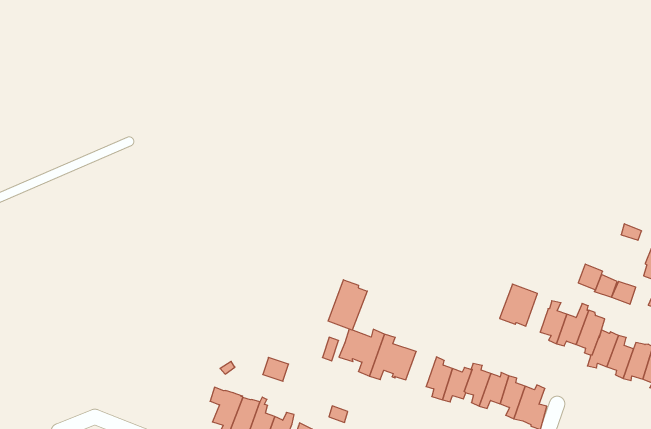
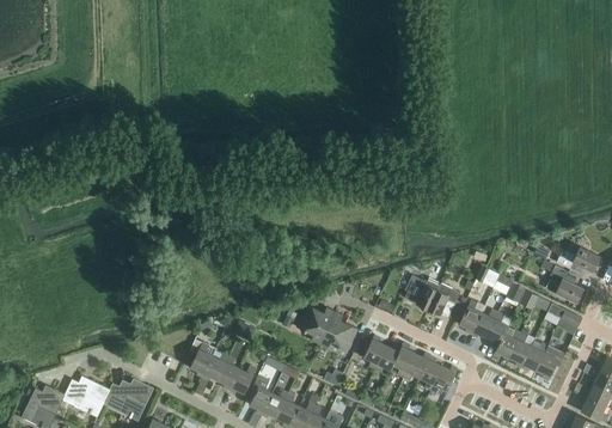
building: [328,280,367,330] -> none
building: none -> [405,279,440,310]

